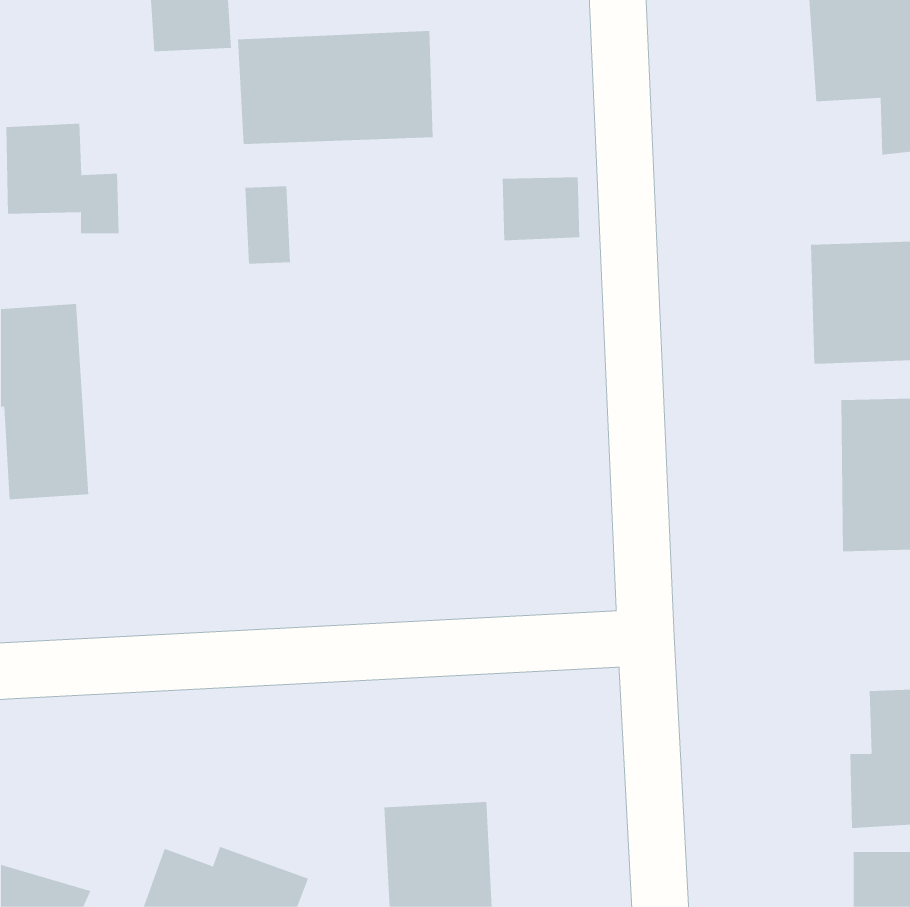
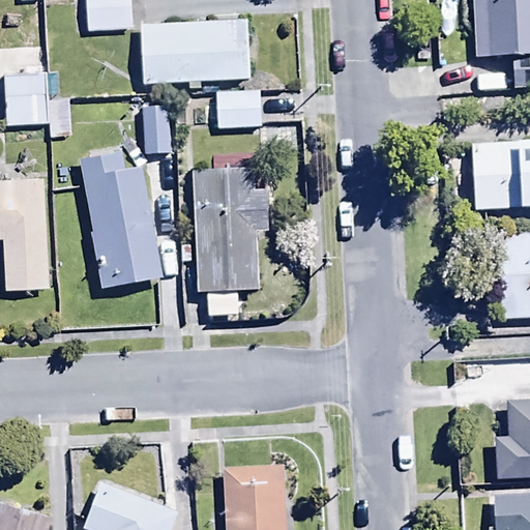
building: [502,177,580,241] -> [214,93,260,130]
building: none -> [82,153,163,288]
building: none -> [193,165,270,291]

